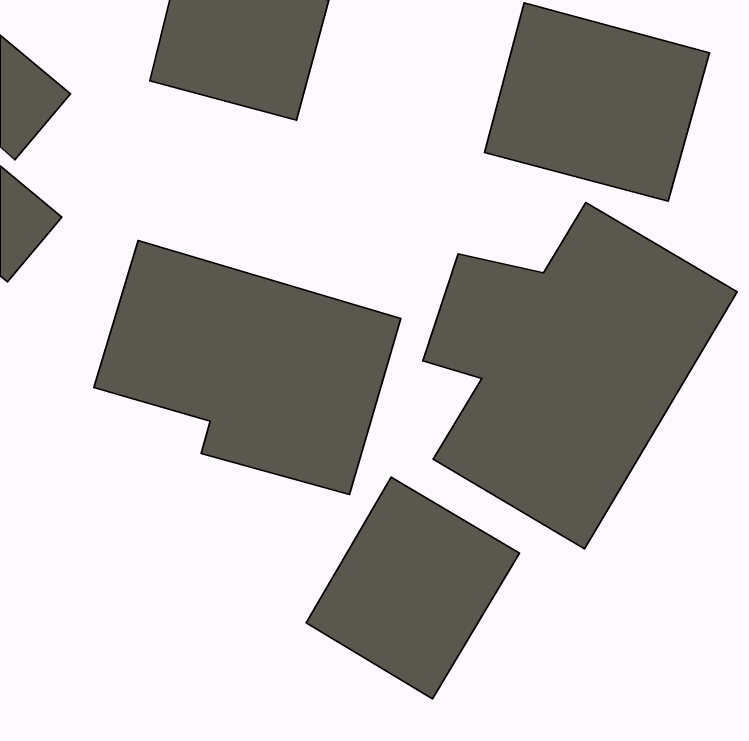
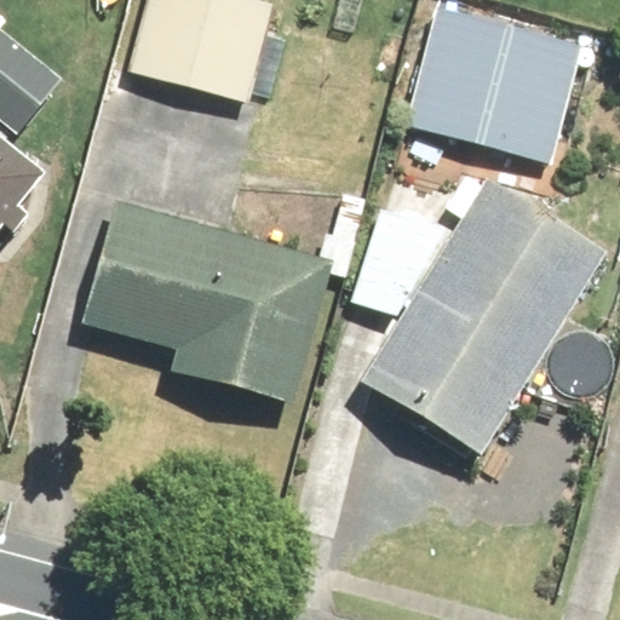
building: [306,477,520,699] -> none

